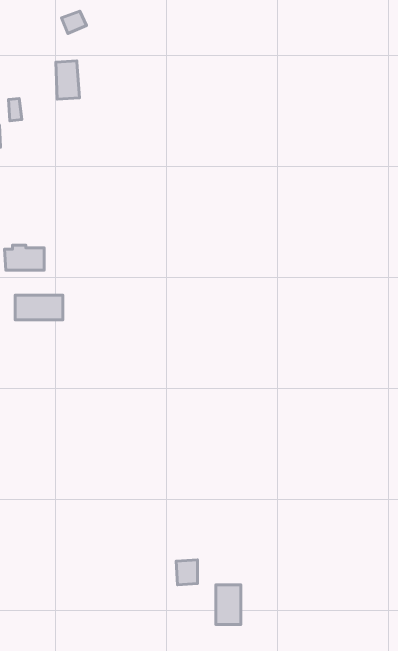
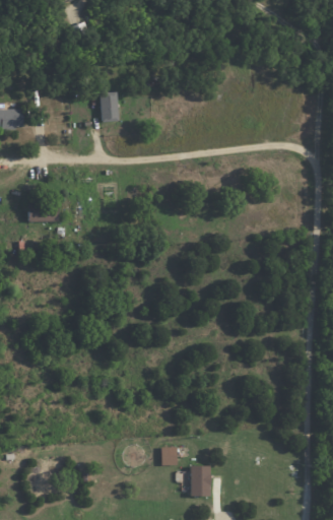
building: [56,61,80,99] -> [96,91,115,121]
building: [15,295,63,320] -> none

